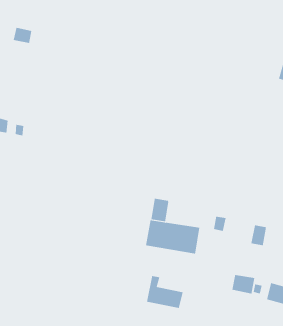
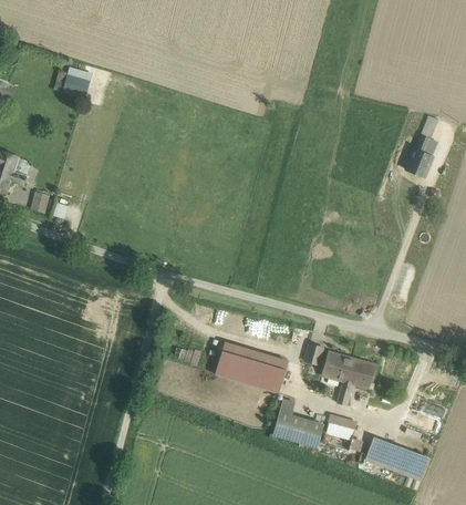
building: [151,198,169,222] -> none
building: none -> [325,352,359,404]
building: [146,275,183,308] -> [273,399,323,445]

